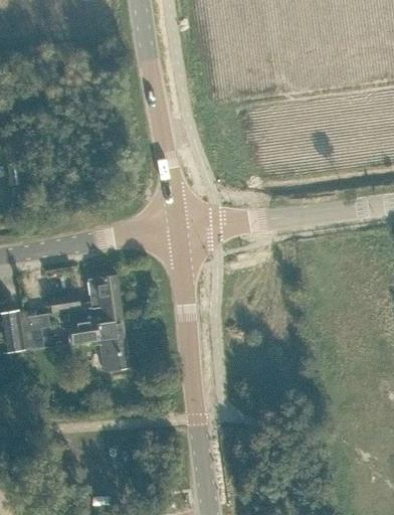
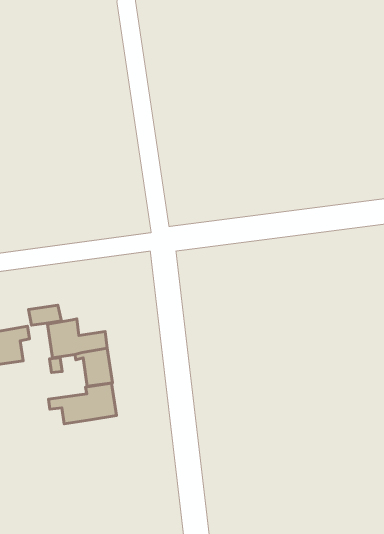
building: [86,276,122,324] -> none
building: none -> [49,383,116,424]

